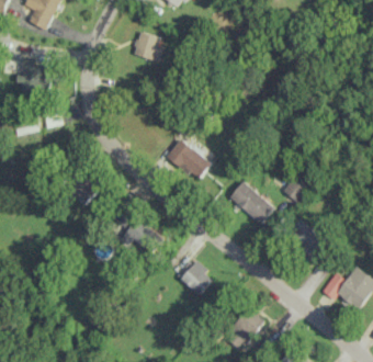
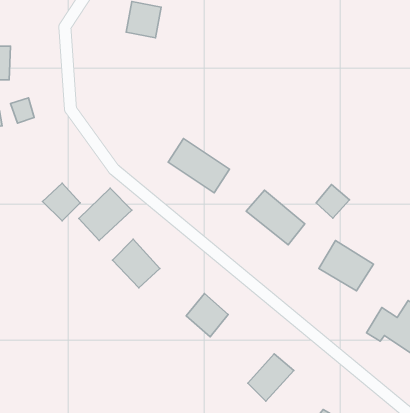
building: none -> [79,188,132,241]

